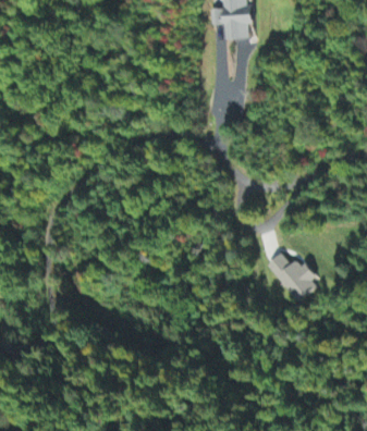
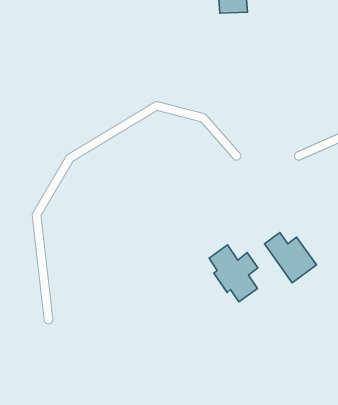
building: none -> [209,245,258,302]

